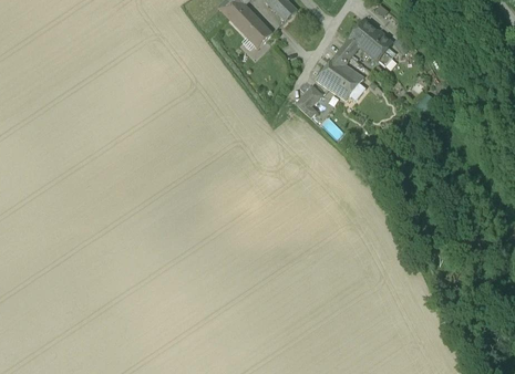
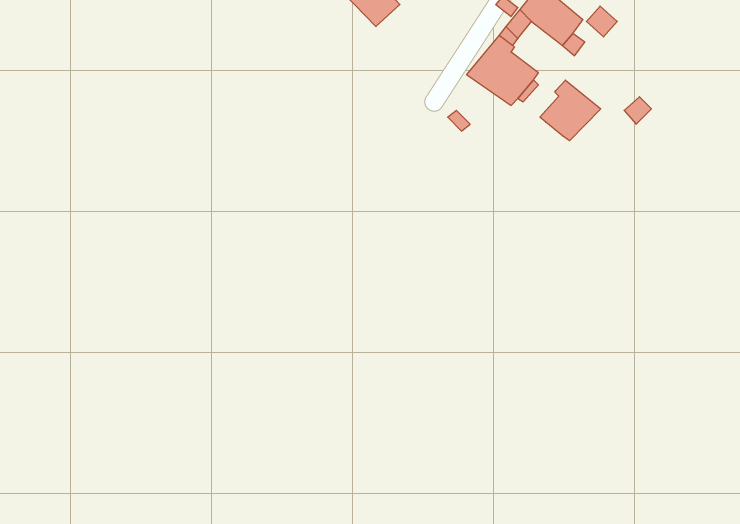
building: none -> [540,80,601,141]

